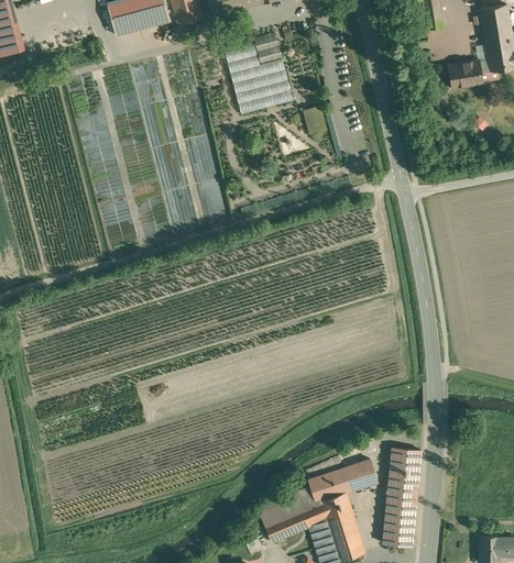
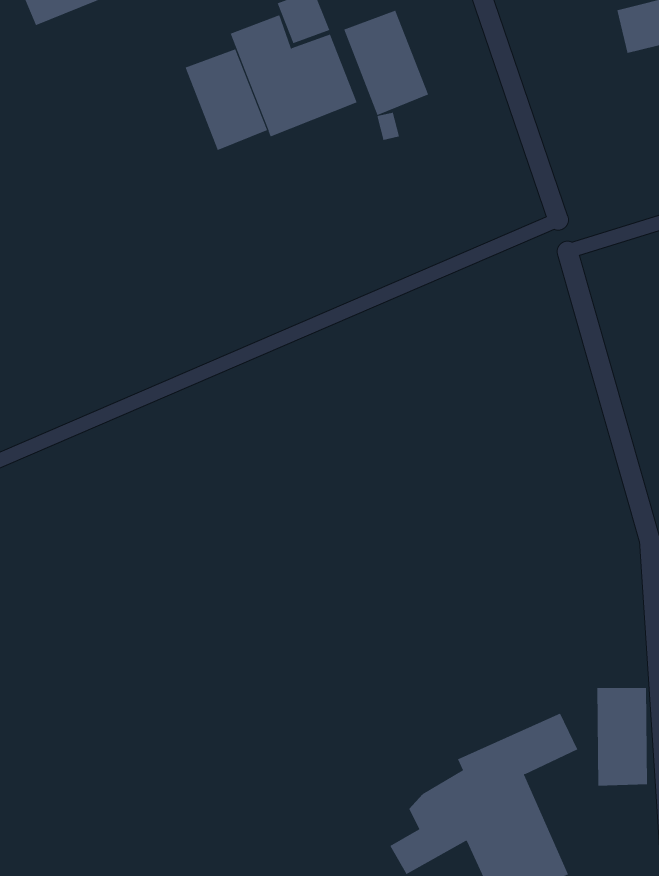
building: none -> [343,10,429,116]
building: none -> [185,48,268,151]
building: [383,503,415,545] -> none

